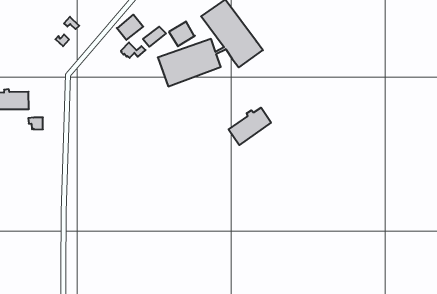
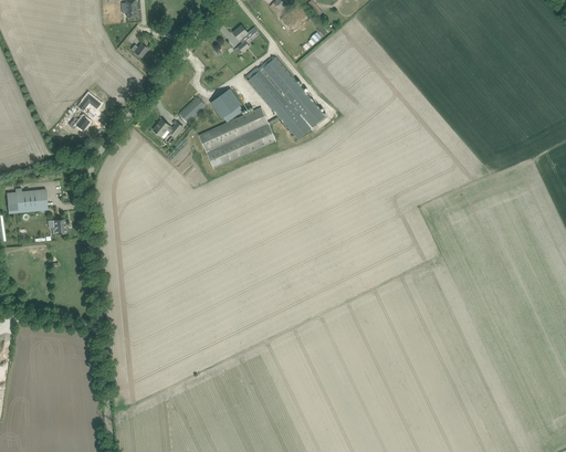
building: [117,15,143,40] -> none
building: [229,108,271,145] -> none

